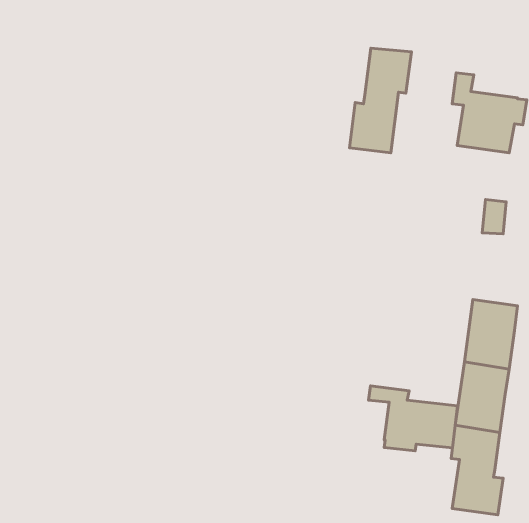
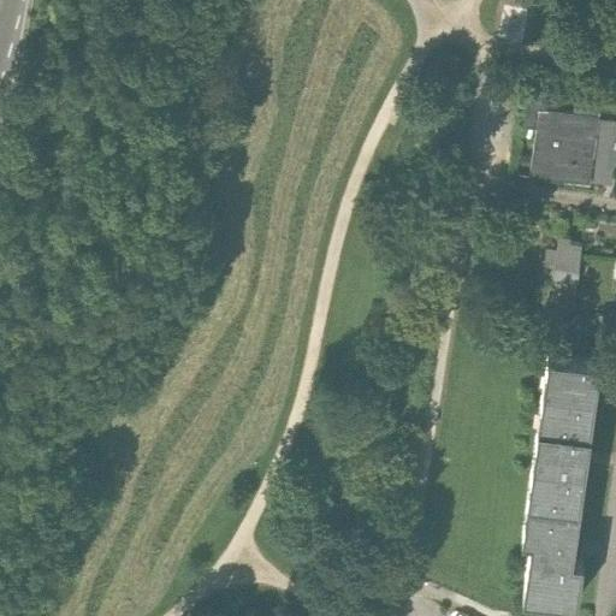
building: [349,48,412,153] -> none
building: [368,386,458,451] -> none

